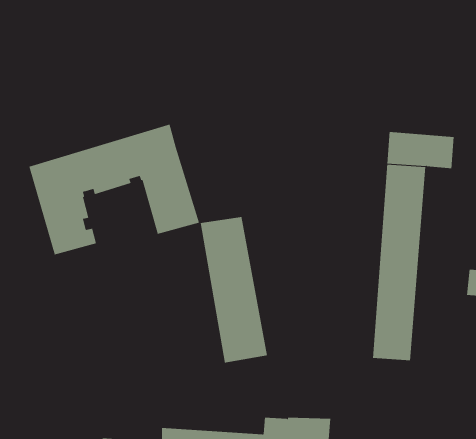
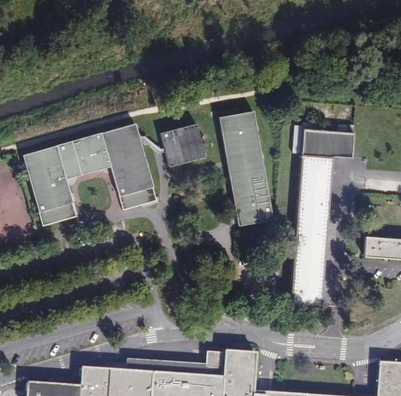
building: none -> [162,123,206,165]
building: [200,217,268,363] -> [220,110,273,224]

